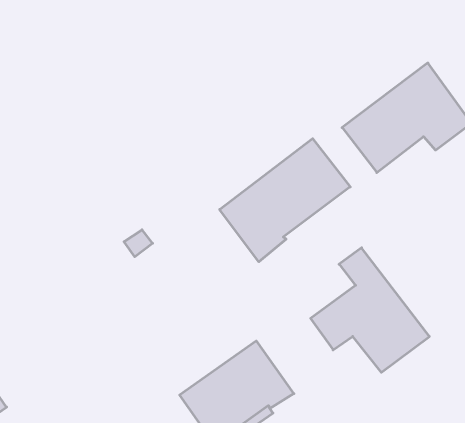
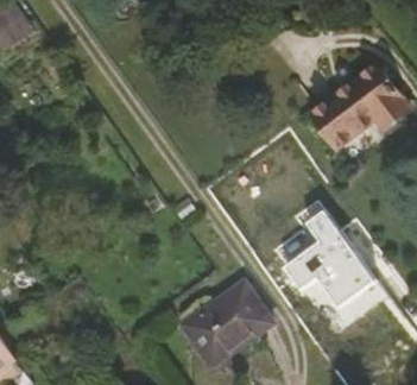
building: [220,139,350,262] -> none

